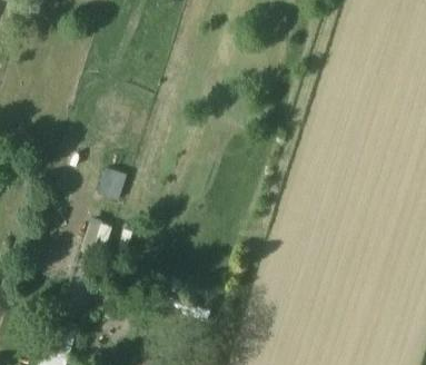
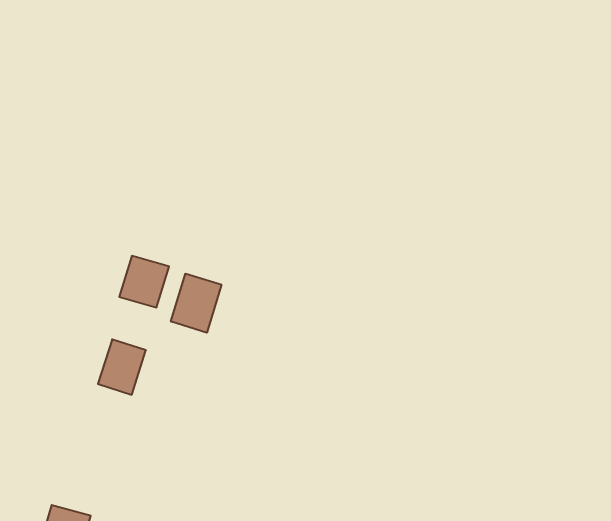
building: none -> [171,274,221,333]

